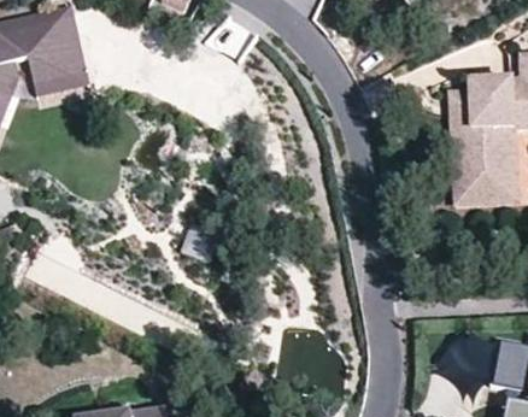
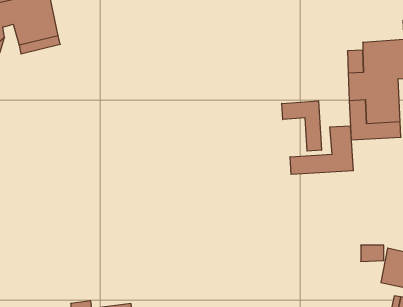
building: none -> [282,101,321,151]
building: none -> [290,126,353,174]

